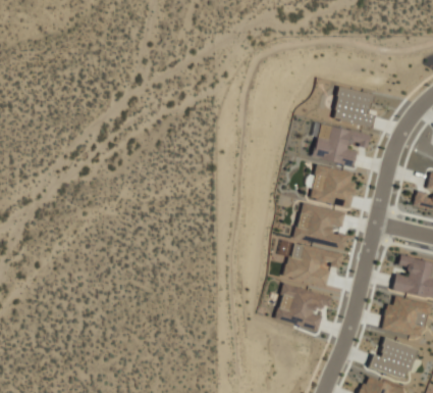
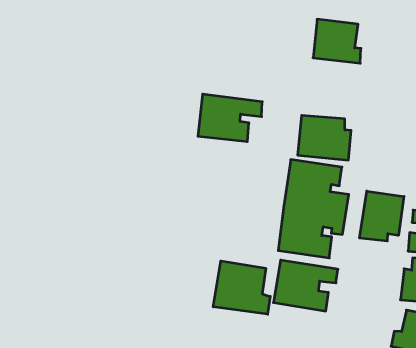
building: [313,122,370,166] -> [198,94,262,142]
building: none -> [360,191,404,241]
building: none -> [213,261,270,314]

